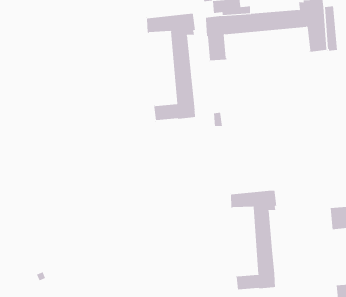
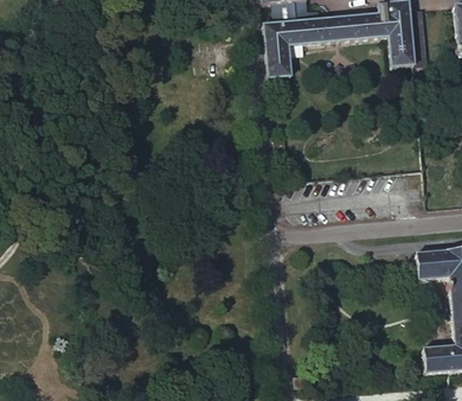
building: [145,13,196,122] -> none
building: [229,190,277,291] -> none

